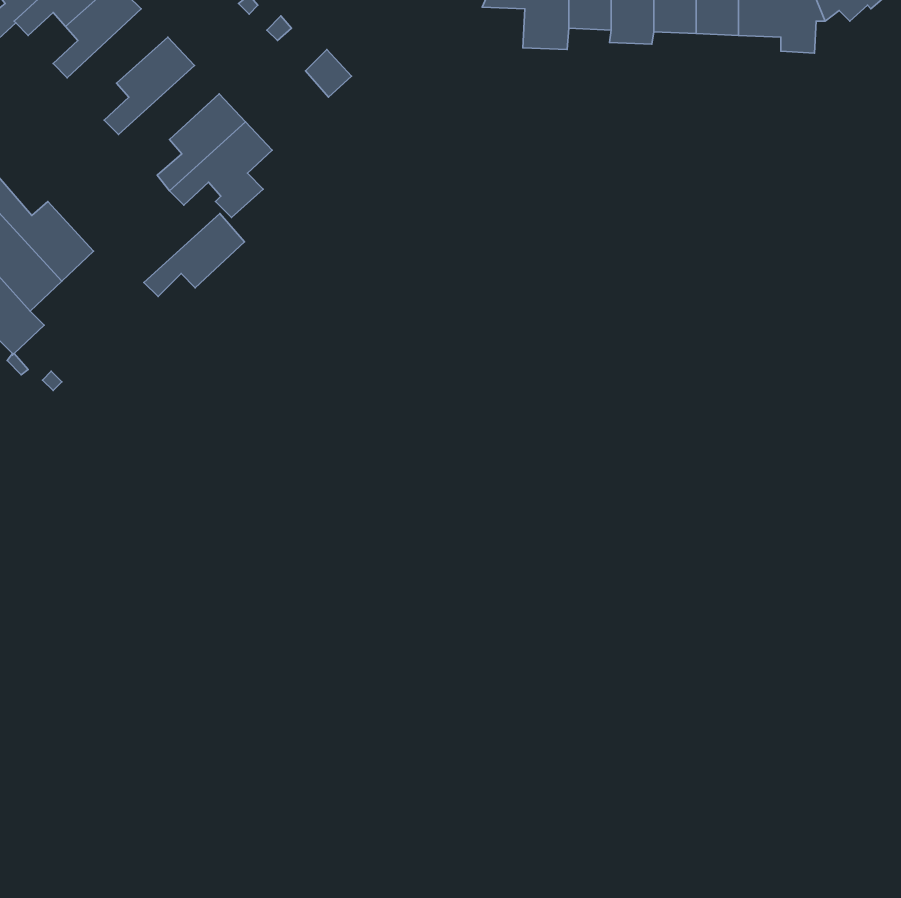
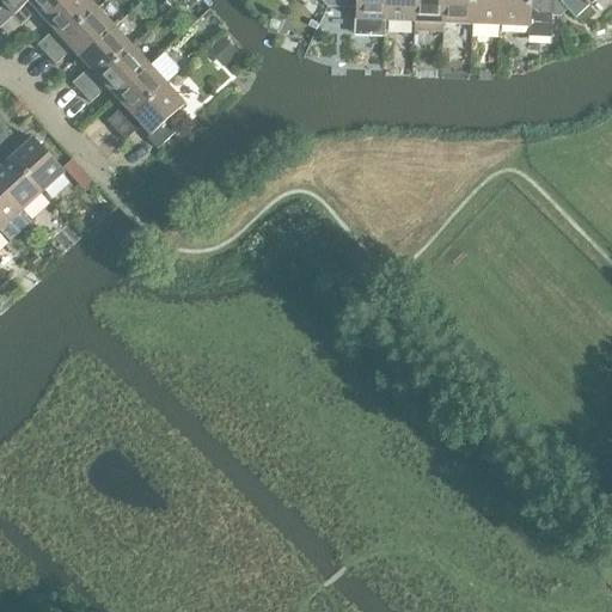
building: none -> [45,6,114,62]
building: [144,213,245,297] -> [80,44,148,100]

